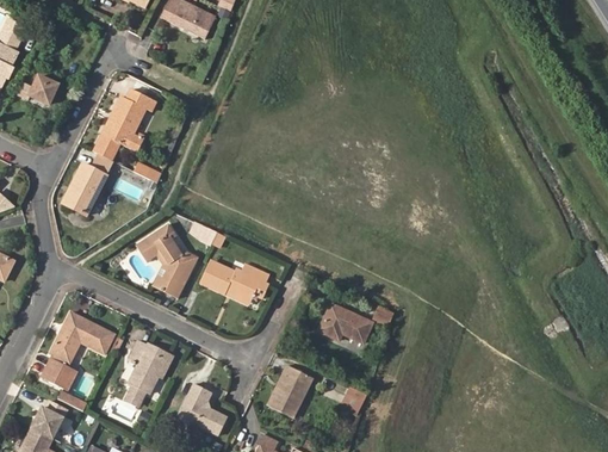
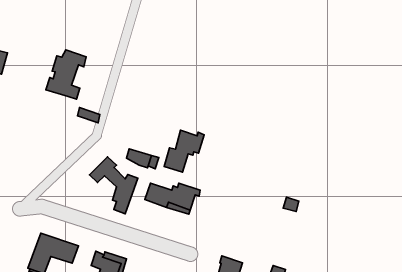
building: [63,154,114,217] -> none
building: none -> [164,130,204,172]
building: [135,246,170,292] -> none
building: [318,305,373,347] -> none

